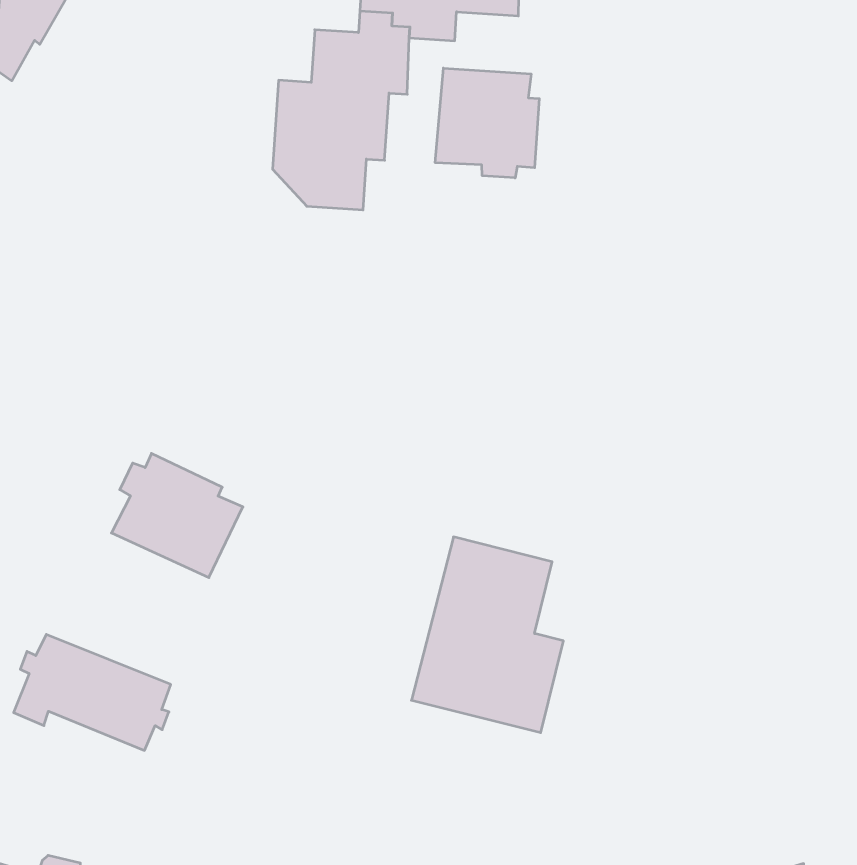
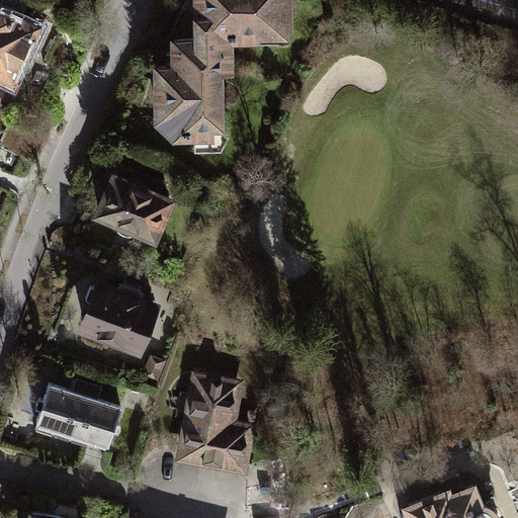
building: [435,68,539,178] -> none
building: none -> [99,173,169,241]
building: [411,537,563,733] -> [174,373,256,479]

